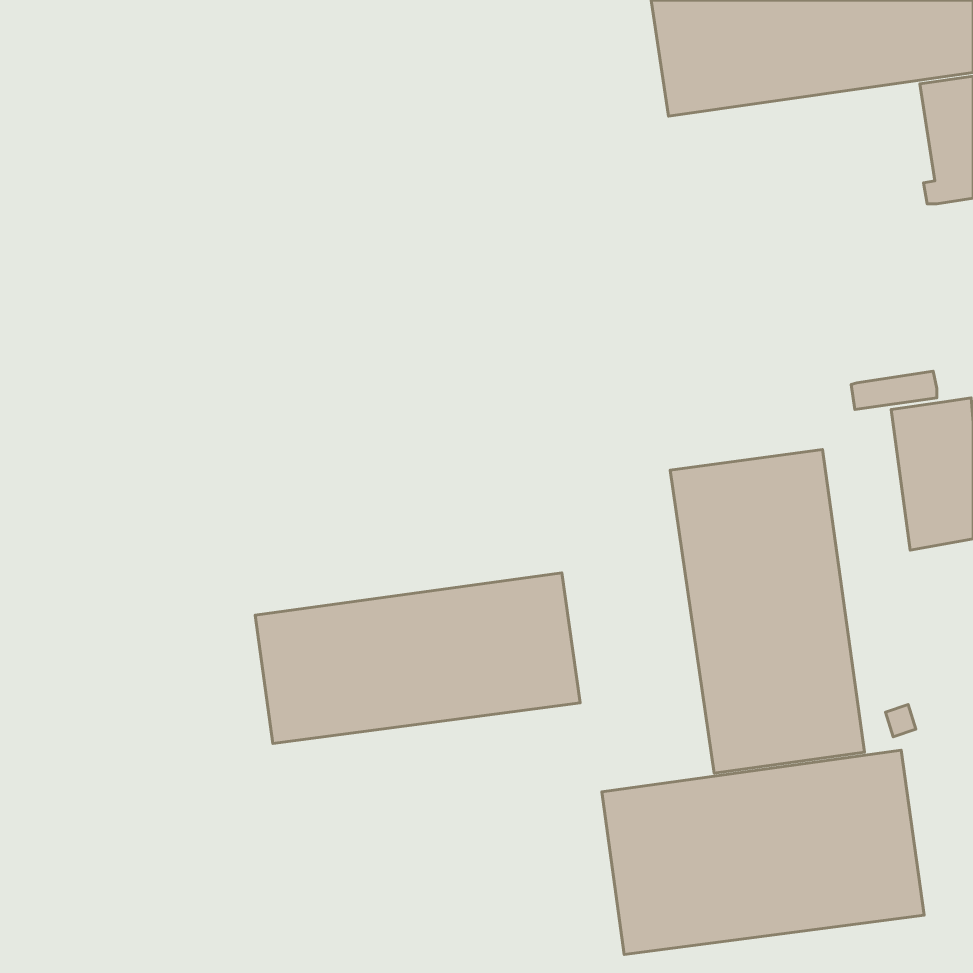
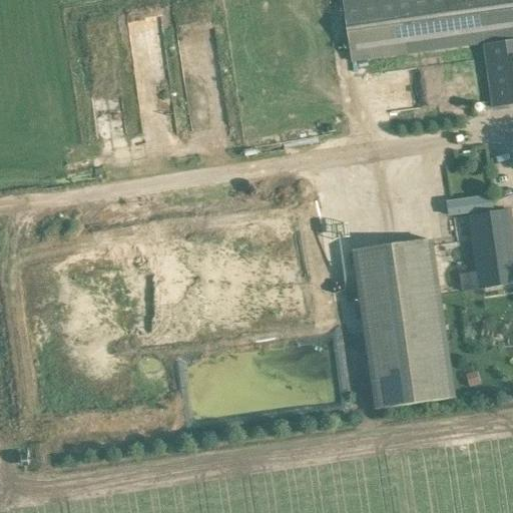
building: [255,573,580,744] -> none
building: [602,750,924,955] -> none

